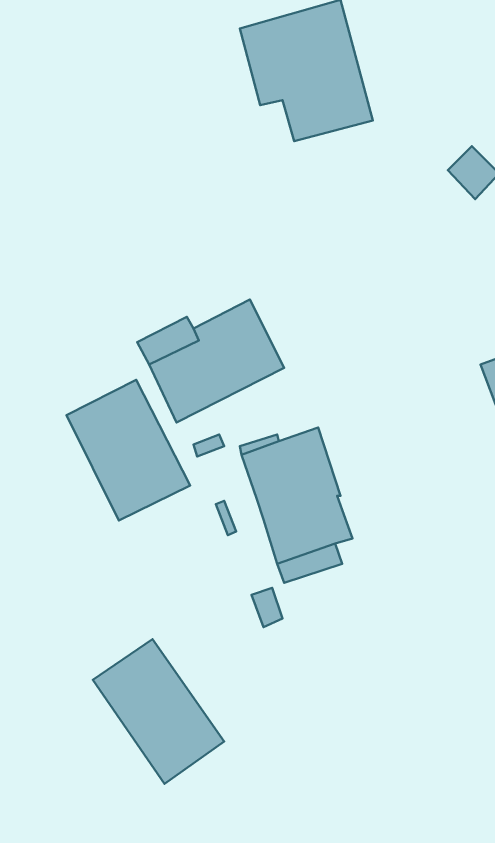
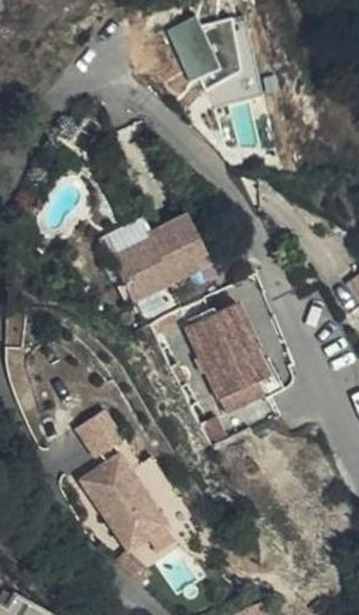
building: [67,380,190,520] -> none
building: none -> [76,413,121,459]

